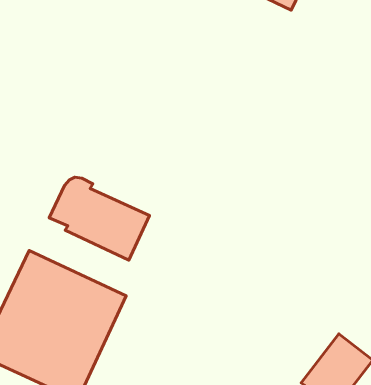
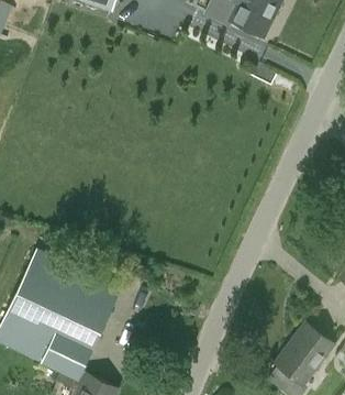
building: [49,177,149,260] -> none

